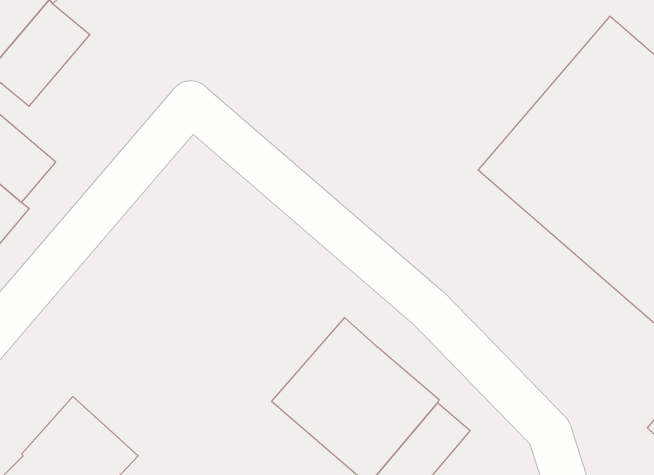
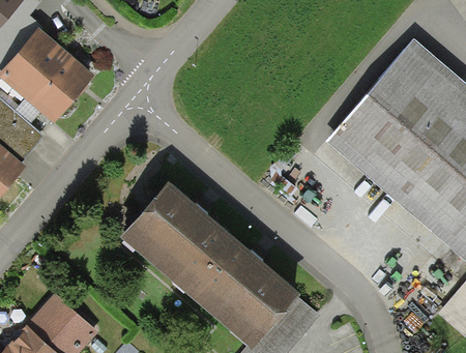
building: none -> [26,51,95,123]
building: none -> [120,181,236,295]

